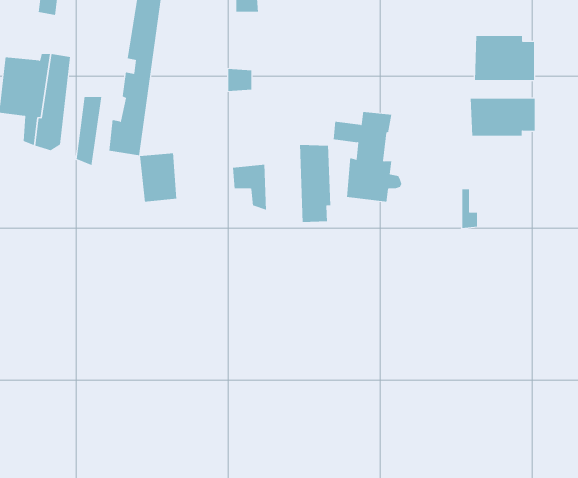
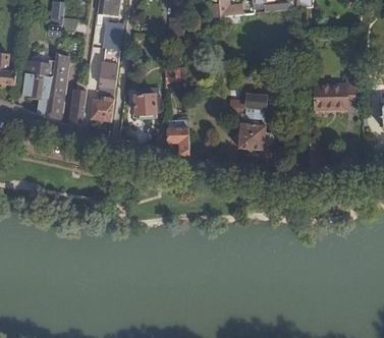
building: [474,35,535,81] -> none
building: [300,144,331,223] -> none
building: [139,153,177,202] -> [134,93,158,123]

